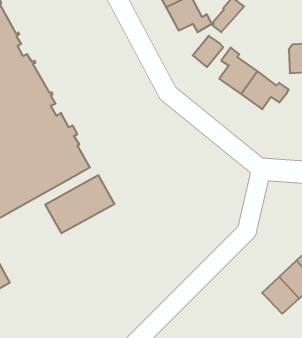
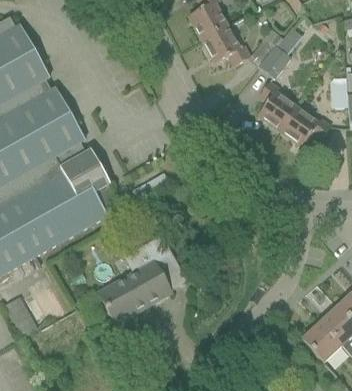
building: [193,36,223,67] -> [259,46,291,79]
building: [45,175,115,233] -> [98,261,171,322]

